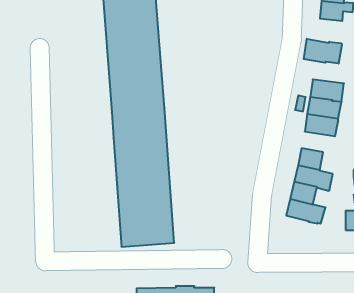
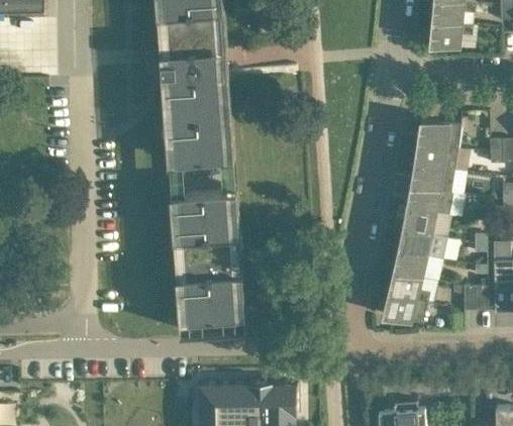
building: [304,39,342,64] -> none
building: none -> [406,186,451,215]
building: none -> [382,292,426,324]

